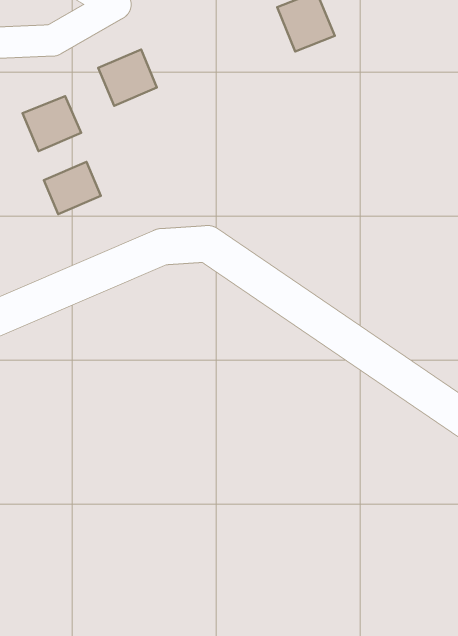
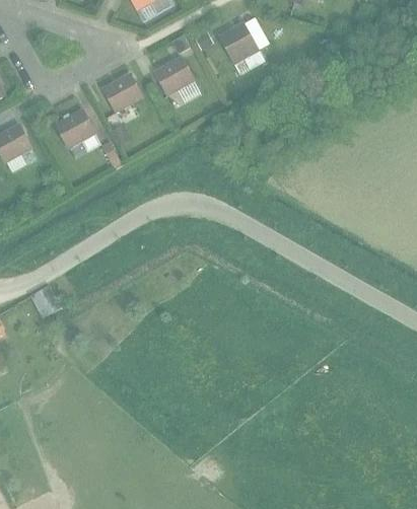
building: none -> [154,56,194,94]
building: [44,162,101,214] -> none

